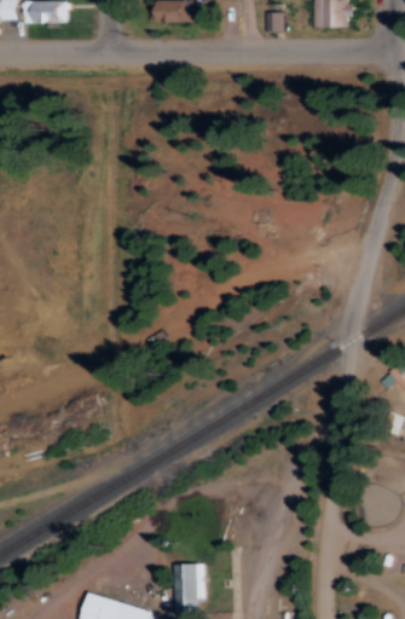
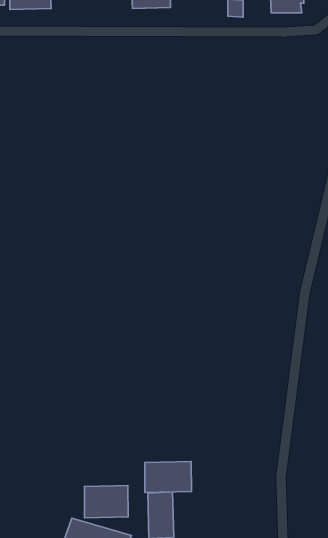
building: none -> [145,461,192,493]
building: none -> [84,486,128,518]

